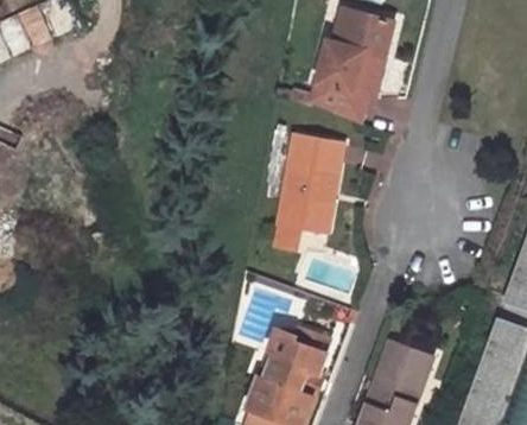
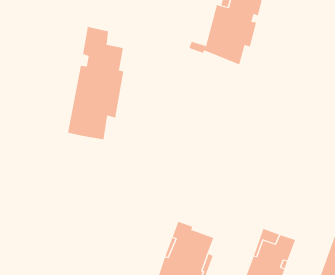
building: none -> [67,26,124,140]
building: [273,135,342,250] -> none

